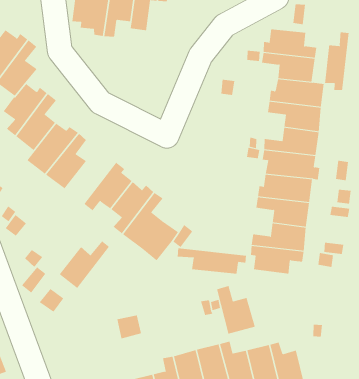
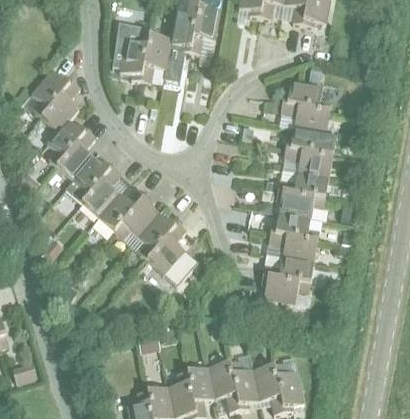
building: [325,32,349,91] -> none
building: [59,241,110,289] -> [98,188,145,230]
building: [177,247,247,274] -> none
building: [216,285,255,334] -> none

